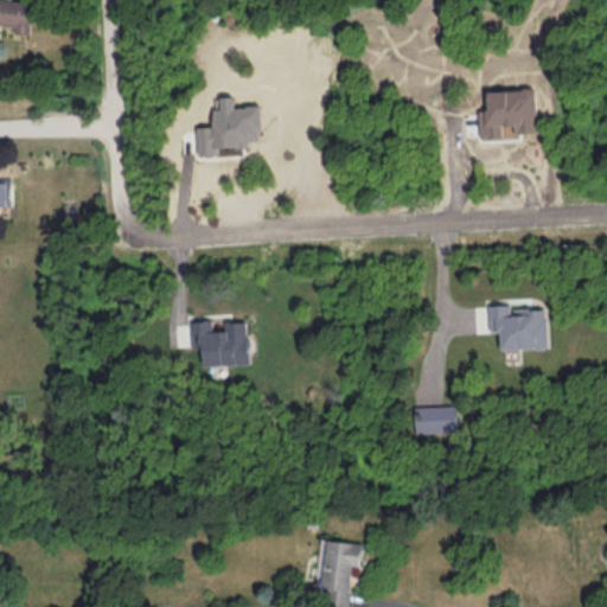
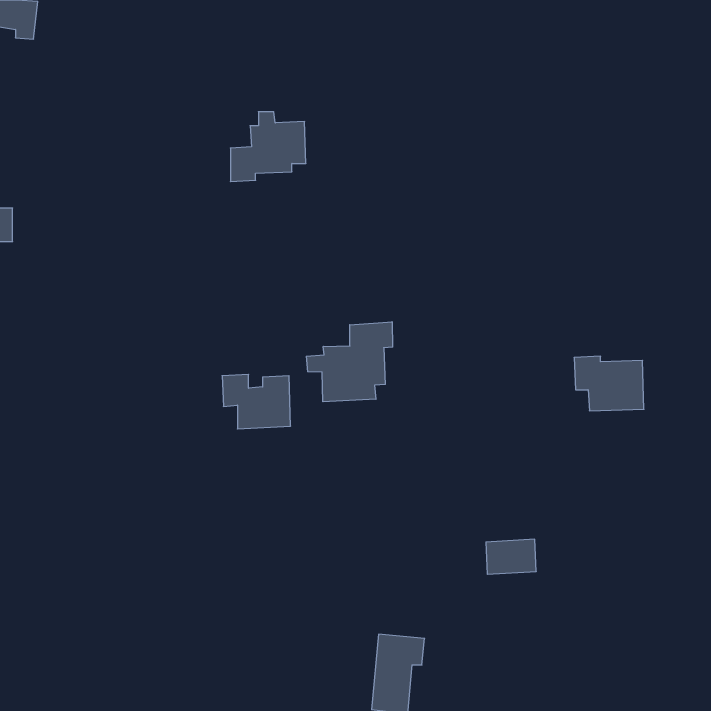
building: [478,90,536,140] -> none
building: none -> [306,322,393,402]
building: [413,405,455,435] -> [486,539,536,574]

